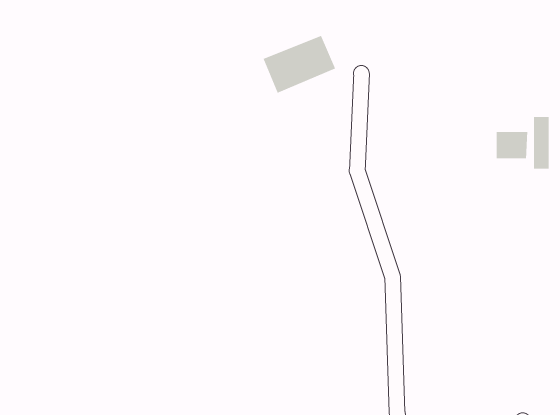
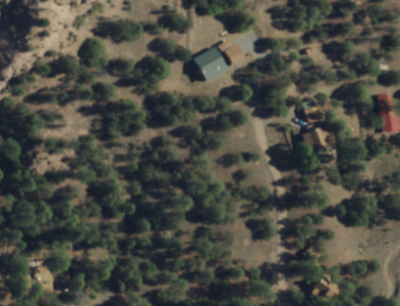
building: [496,131,528,159] -> [309,129,331,149]

